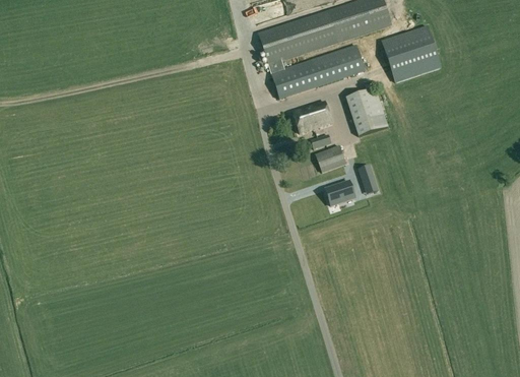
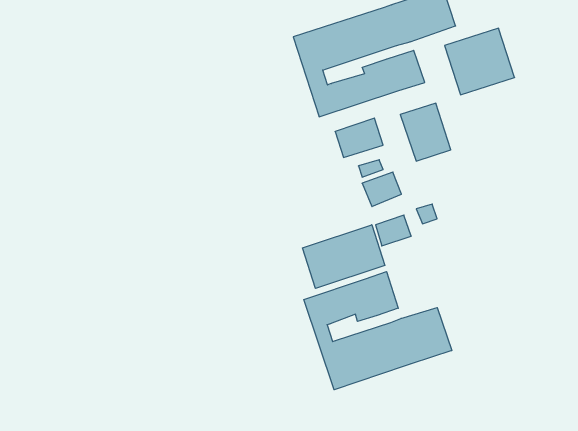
building: none -> [302,225,385,288]
building: none -> [304,272,452,390]

